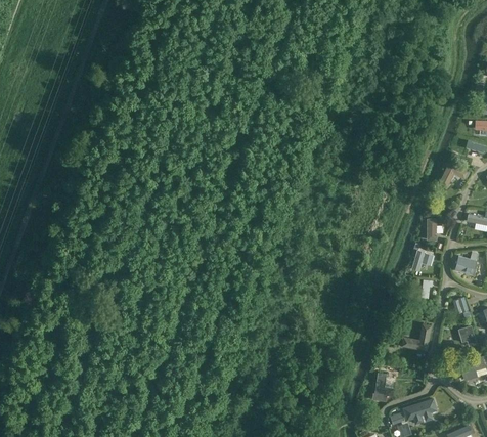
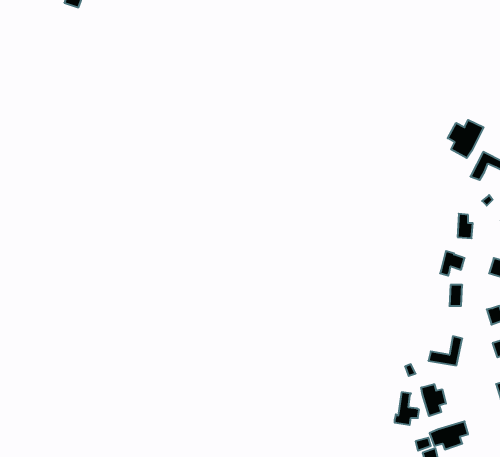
building: none -> [448,120,484,158]
building: none -> [421,384,446,416]

